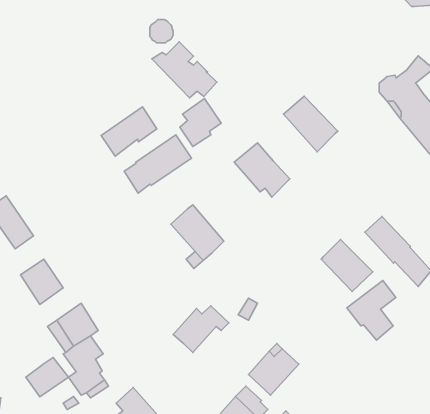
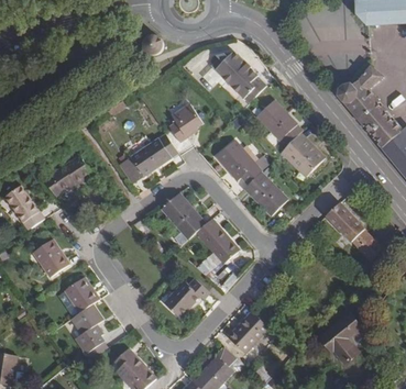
building: [152,42,217,98] -> [210,51,265,98]
building: [101,107,157,156] -> [44,155,91,197]
building: none -> [281,132,326,177]
building: none -> [196,219,239,264]
building: [321,240,373,291] -> [244,171,288,215]
building: [347,281,396,340] -> [319,313,361,364]
building: [26,357,68,397] -> none

